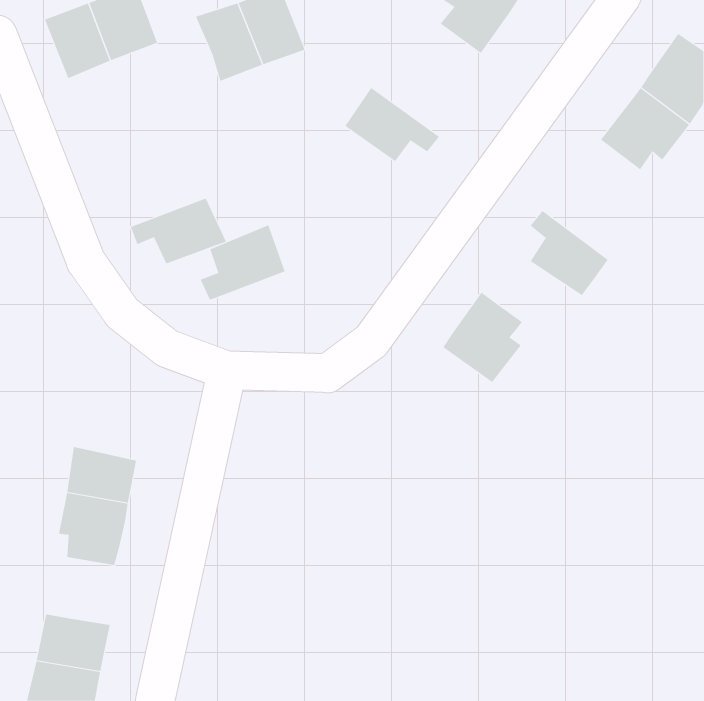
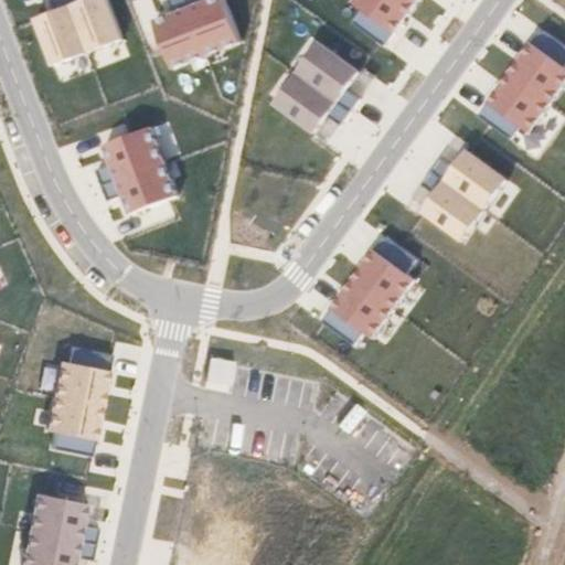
building: none -> [296,40,360,109]
building: none -> [433,147,508,207]
building: [200,224,285,300] -> [96,120,164,181]
building: none -> [321,277,393,342]

